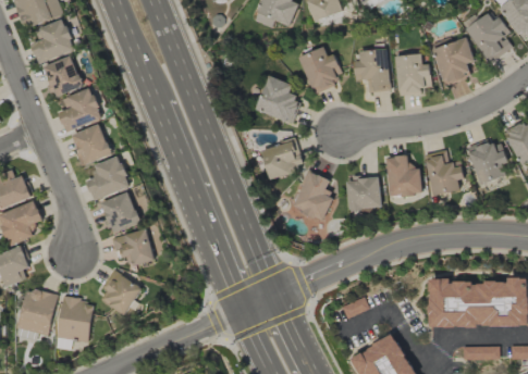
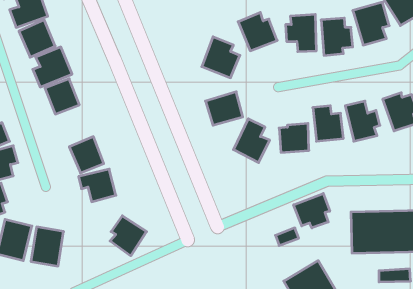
building: [86,157,130,200] -> none
building: none -> [294,193,330,228]
building: [99,270,142,316] -> [110,216,147,256]

